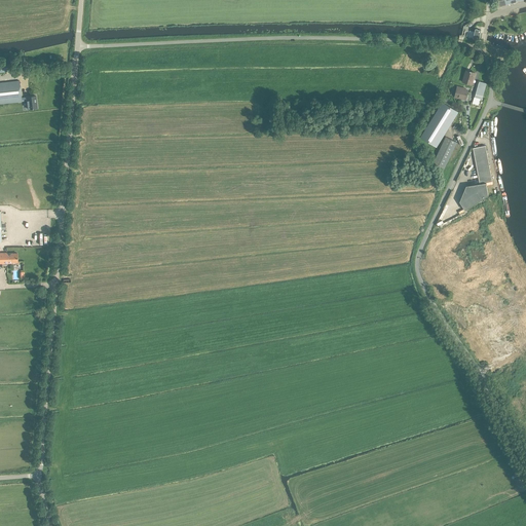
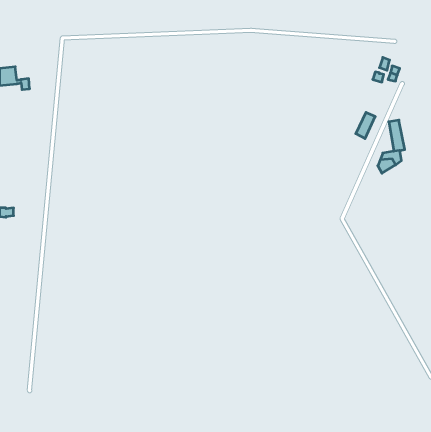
building: [419,102,457,147] -> none

